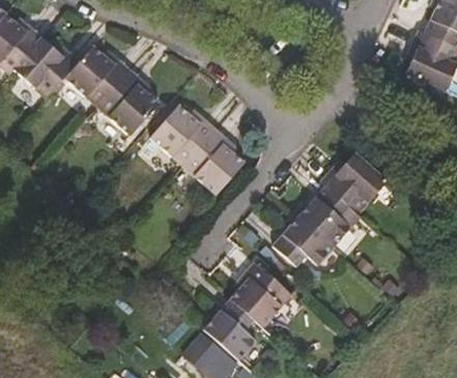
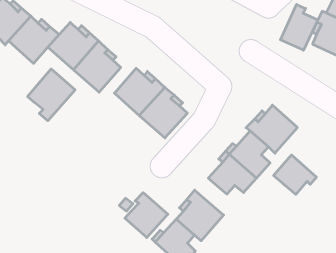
building: none -> [280,4,318,50]
building: none -> [28,69,75,121]
building: none -> [274,155,316,194]
building: none -> [125,193,168,238]

